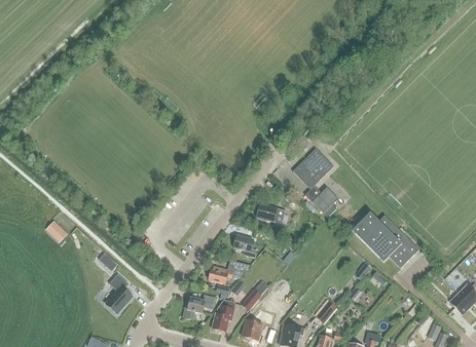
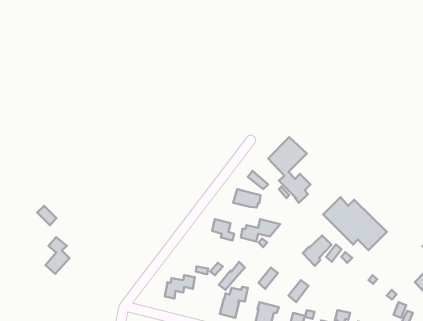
building: none -> [303,236,331,266]
building: [209,259,251,282] -> [241,219,280,241]
building: [106,273,132,312] -> [45,237,70,274]
building: [212,299,235,331] -> none

